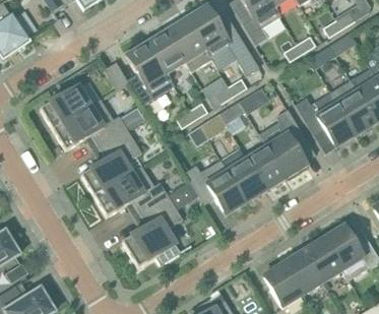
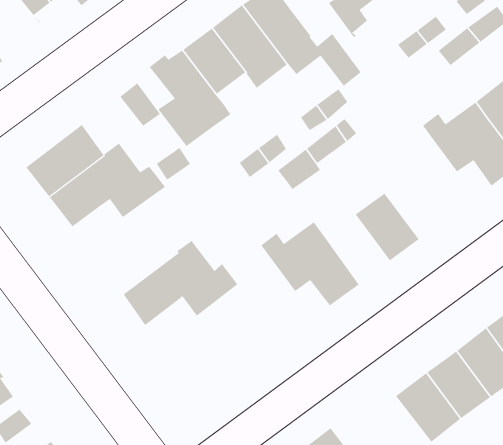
building: [260,109,307,177] -> none
building: [81,129,142,195] -> none
building: [227,158,266,202] -> none
building: [122,195,191,267] -> none

